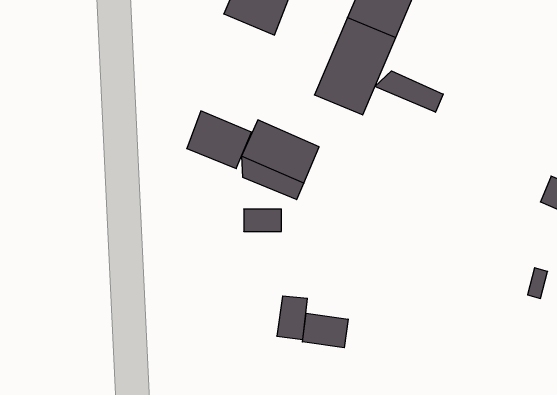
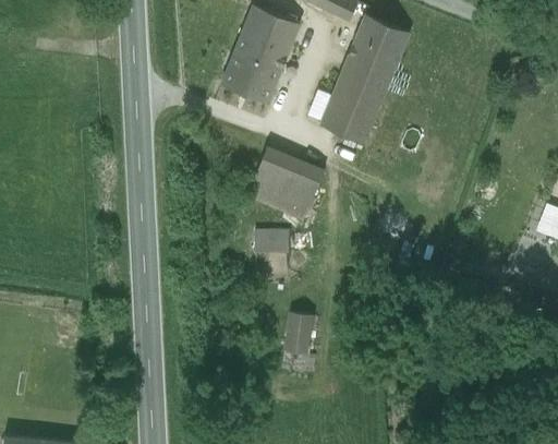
building: [375,71,443,112] -> none
building: [187,111,252,169] -> [222,50,282,104]
building: [302,313,348,348] -> none

